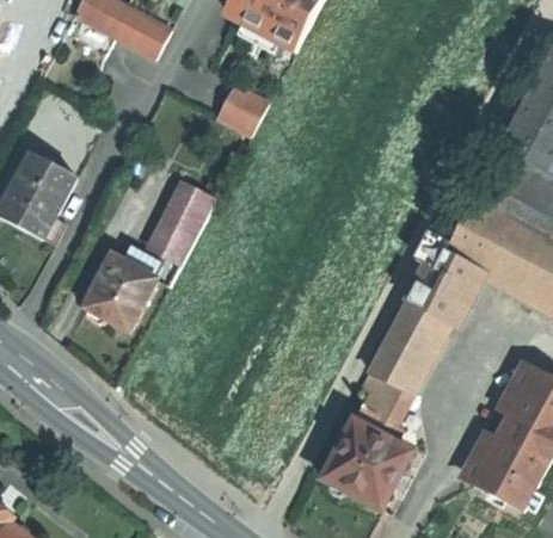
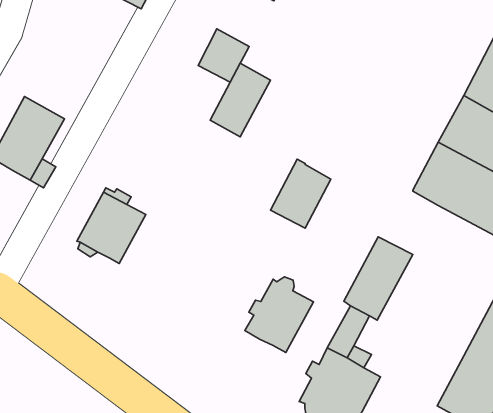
building: [150,183,215,261] -> [210,63,270,137]
building: [410,246,474,320] -> [271,159,331,228]
building: none -> [245,277,314,352]

